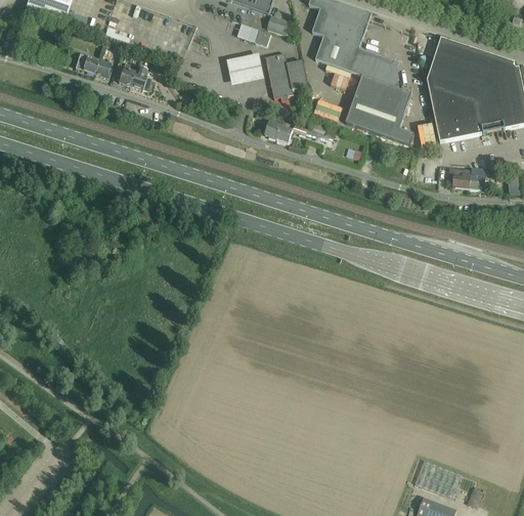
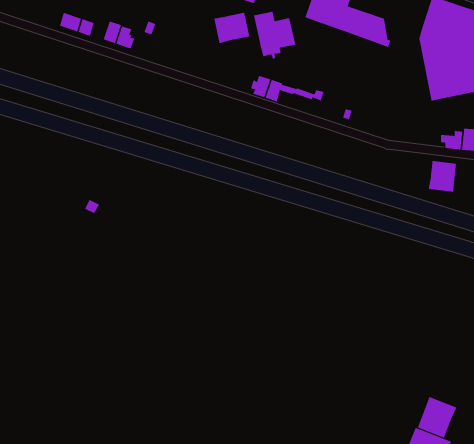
building: [345,75,414,144] -> none
building: none -> [428,160,456,192]
building: none -> [417,396,457,439]

